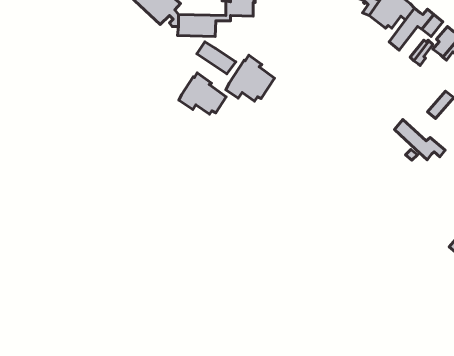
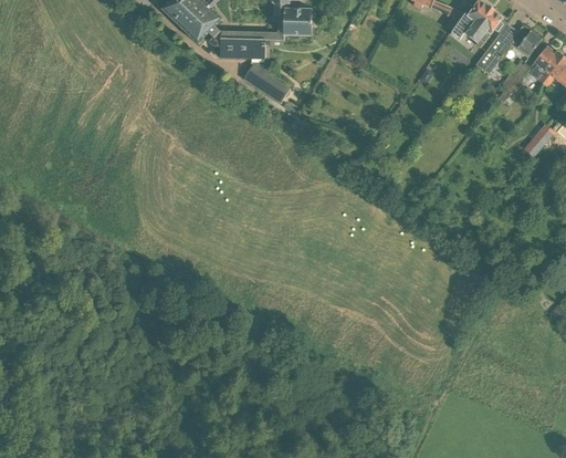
building: [226,55,275,101] -> none
building: [179,73,226,114] -> none
building: [394,120,445,160] -> none

